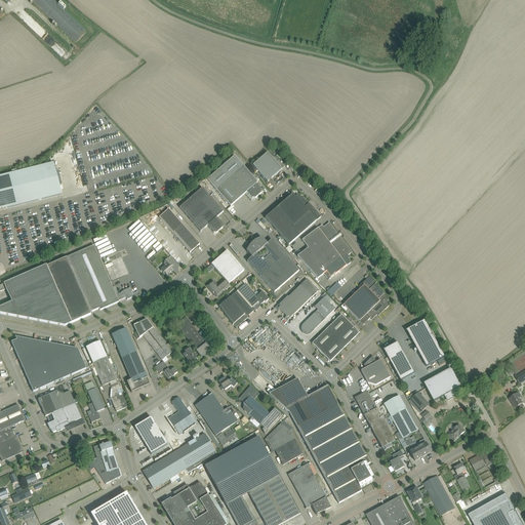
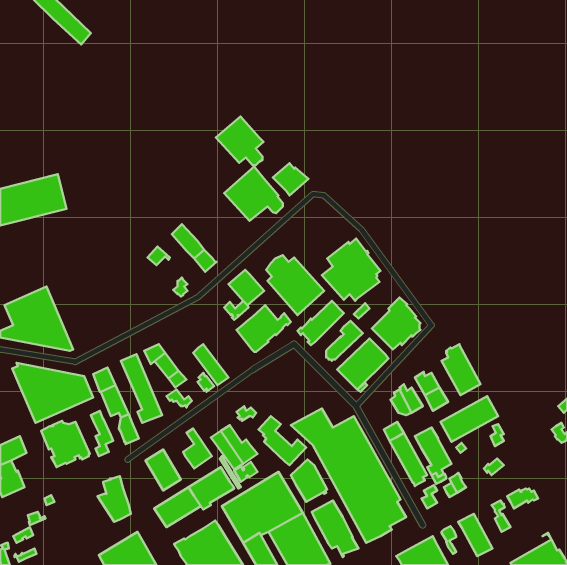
building: [179,187,224,232] -> [216,116,264,165]
building: [265,192,321,243] -> none
building: [43,244,134,323] -> none

